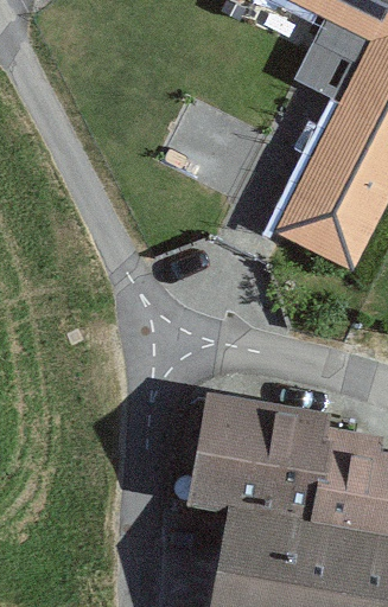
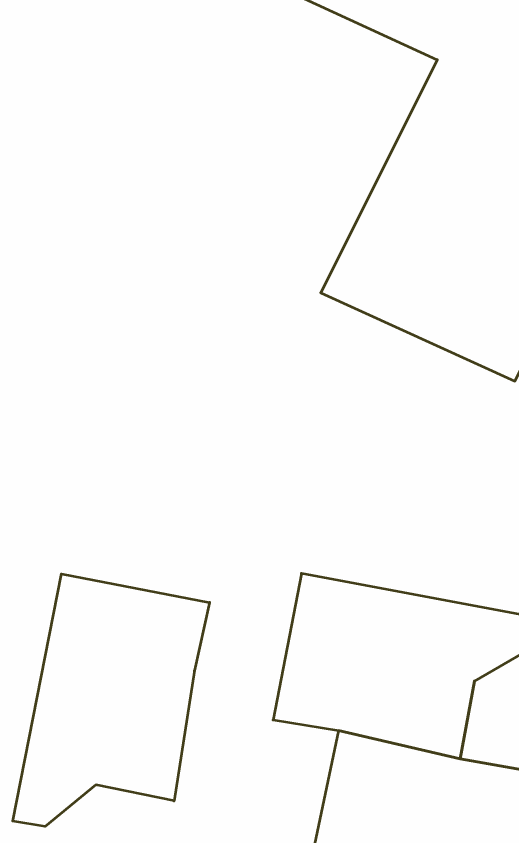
building: none -> [13,574,210,826]

